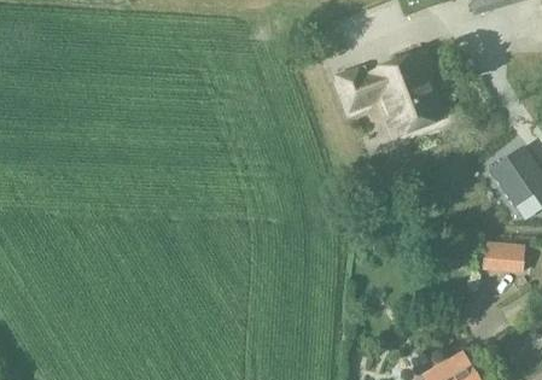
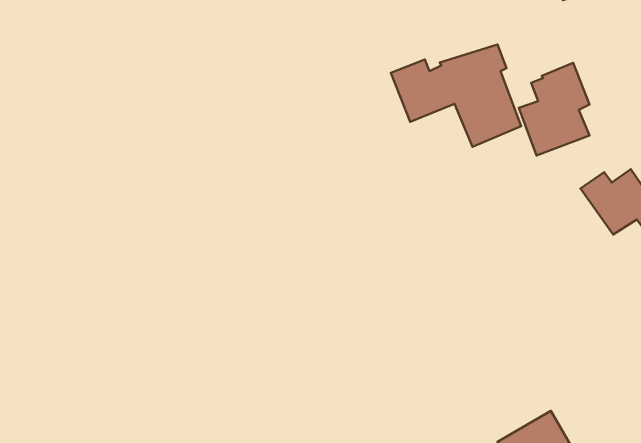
building: none -> [519,63,590,155]
building: [484,242,524,269] -> none

